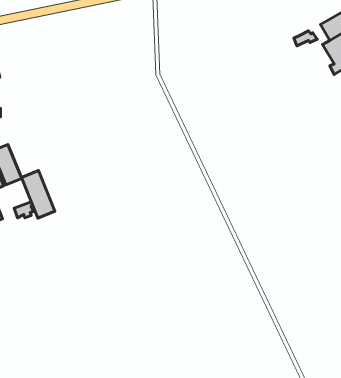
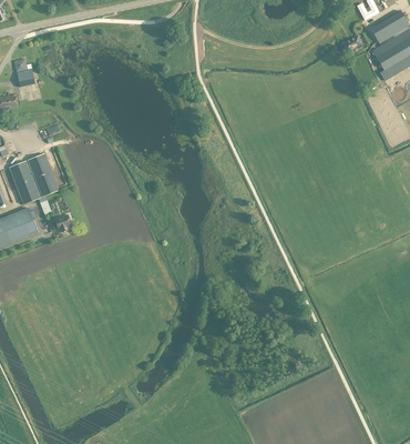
building: [21,171,55,218] -> none

